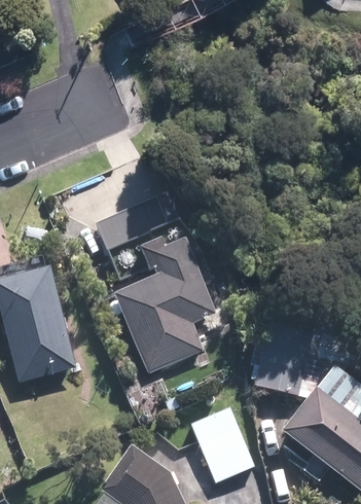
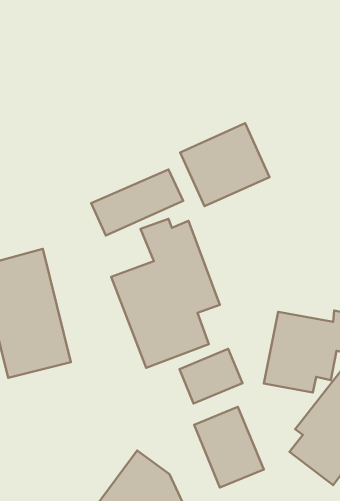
building: none -> [180,123,269,206]
building: none -> [179,349,242,403]

